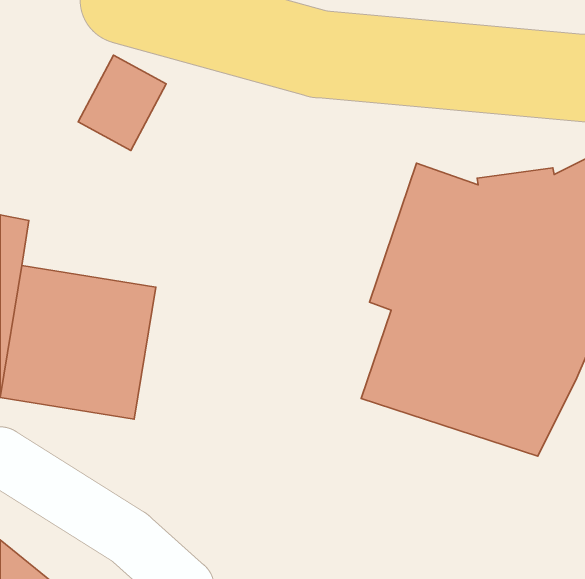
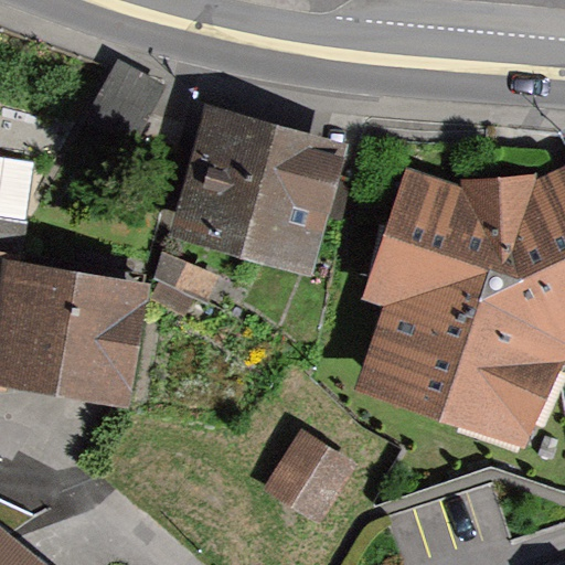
building: none -> [169,100,349,277]
building: none -> [266,433,362,529]

